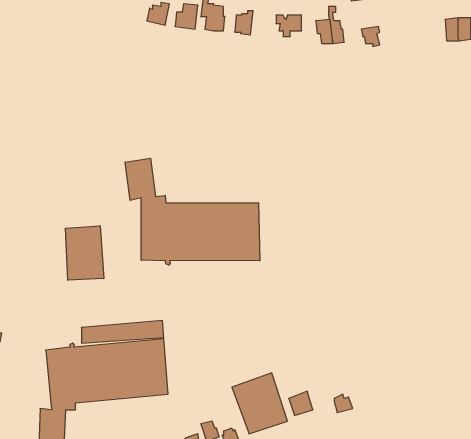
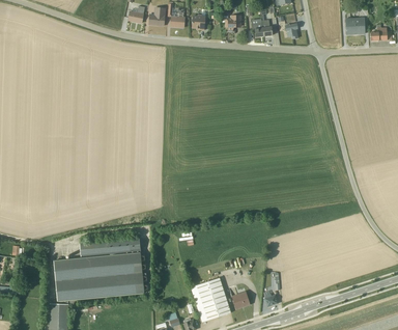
building: [125,158,260,265] -> none
building: [66,226,104,280] -> none

